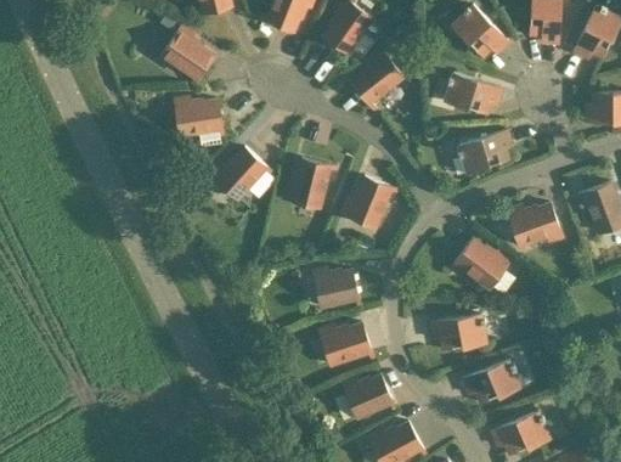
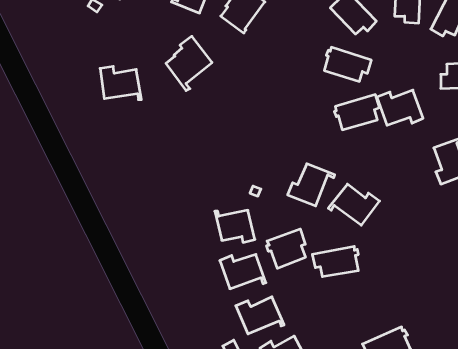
building: [162,26,215,86] -> none
building: [348,47,403,113] -> [166,36,212,91]
building: [210,148,272,201] -> none
building: [284,159,337,209] -> none
building: [341,178,399,229] -> [288,164,335,206]
building: [507,204,563,247] -> [377,90,423,125]
building: none -> [267,229,305,268]
building: [462,361,520,405] -> none

